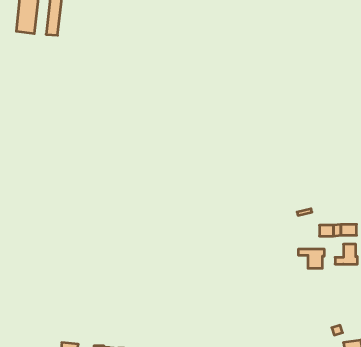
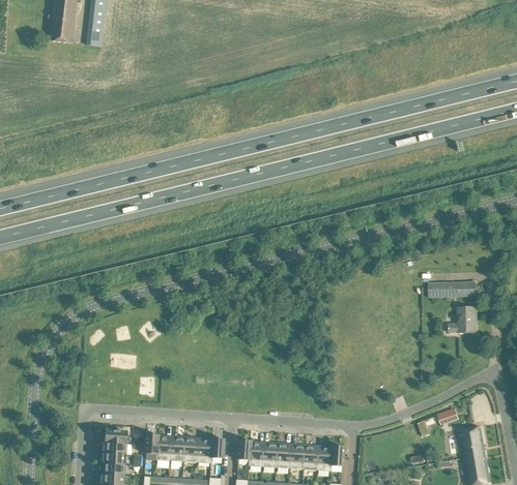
building: [299,249,324,268] -> none

